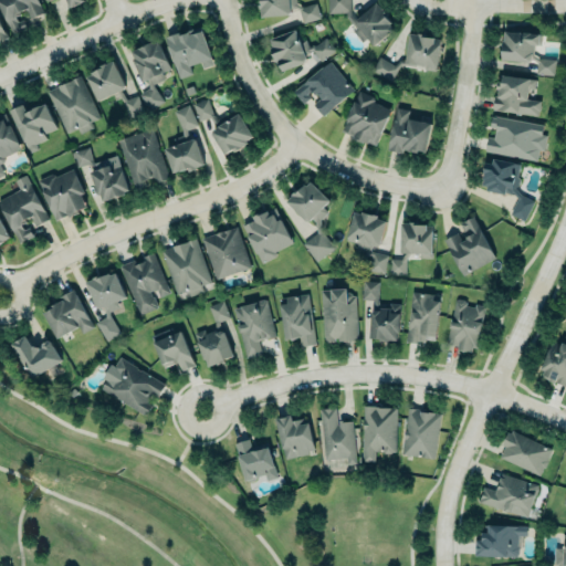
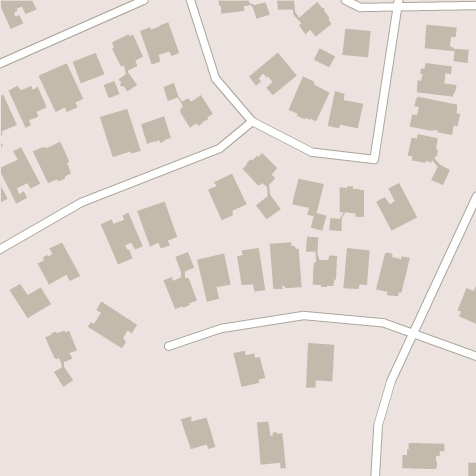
building: [271,29,335,71] -> none
building: [71,147,129,201] -> none
building: [202,227,252,280] -> none
building: [86,273,126,342] -> [44,330,78,388]
building: [154,332,196,370] -> none
building: [321,408,357,464] -> [256,421,287,469]
building: [402,410,441,459] -> none
building: [501,431,553,475] -> none
building: [235,440,279,481] -> [180,415,216,450]
building: [480,473,539,520] -> none

